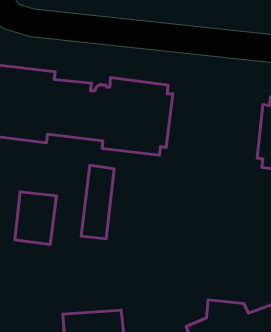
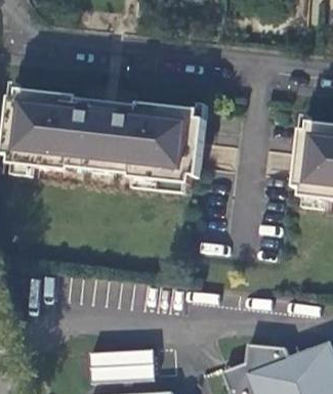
building: [81,165,114,239] -> none
building: [15,192,57,245] -> none

